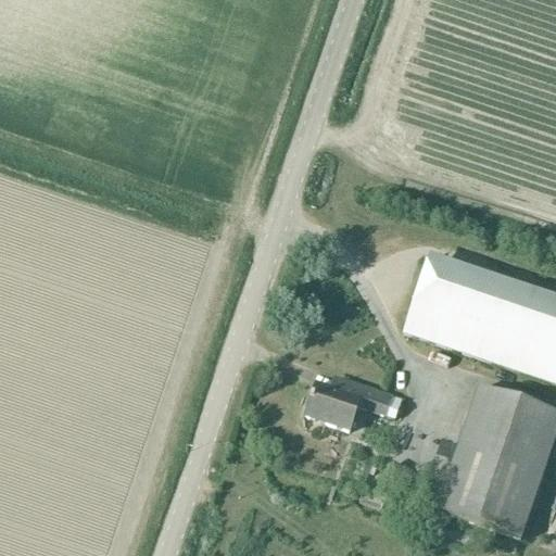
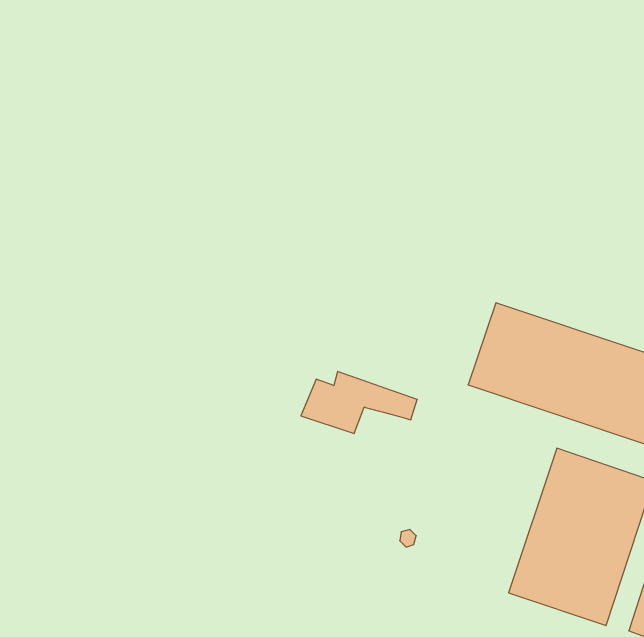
building: [304,375,404,428] -> [301,372,417,434]

